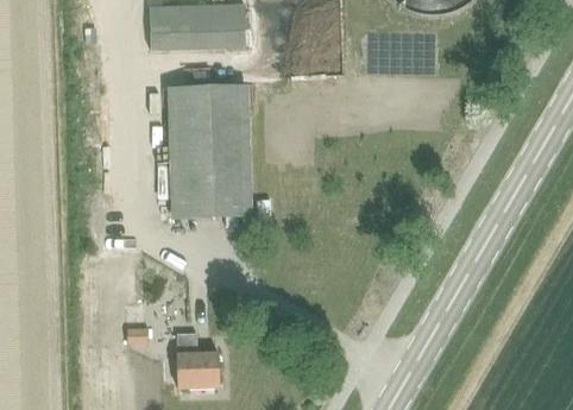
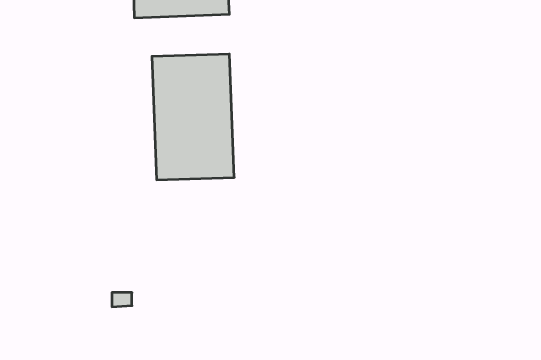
building: [176,334,220,390] -> none

